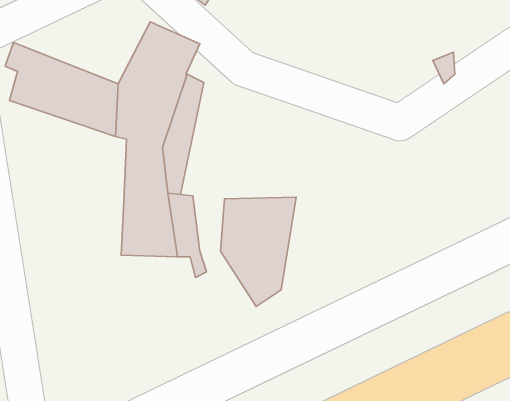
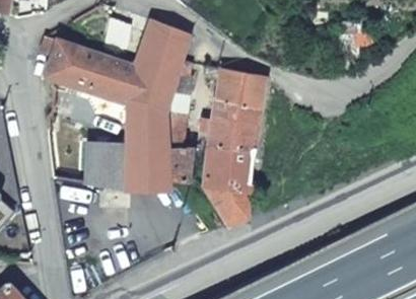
building: none -> [203,68,268,147]
building: none -> [85,149,129,189]

